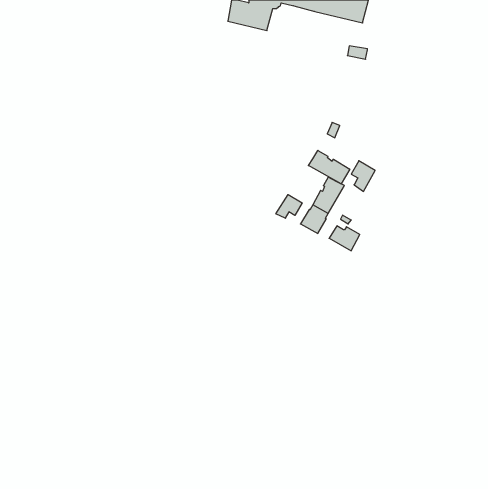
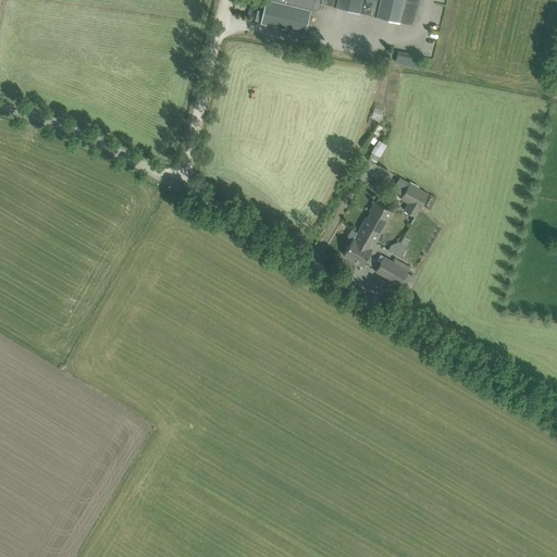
building: [308,150,350,184] -> none
building: [276,195,302,218] -> none

